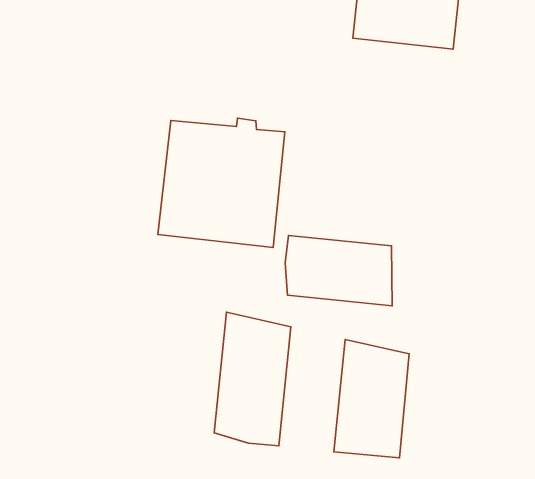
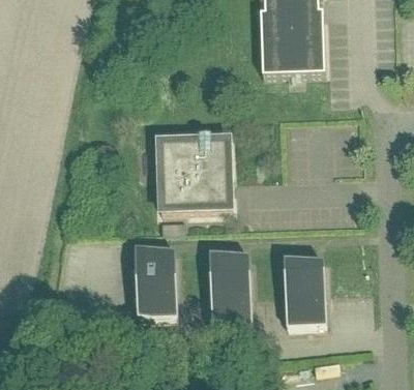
building: [285,235,392,306] -> none
building: none -> [136,244,179,318]

